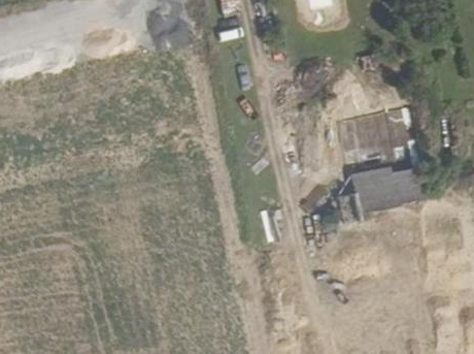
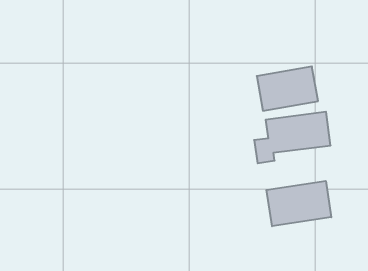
building: none -> [267,181,331,226]

